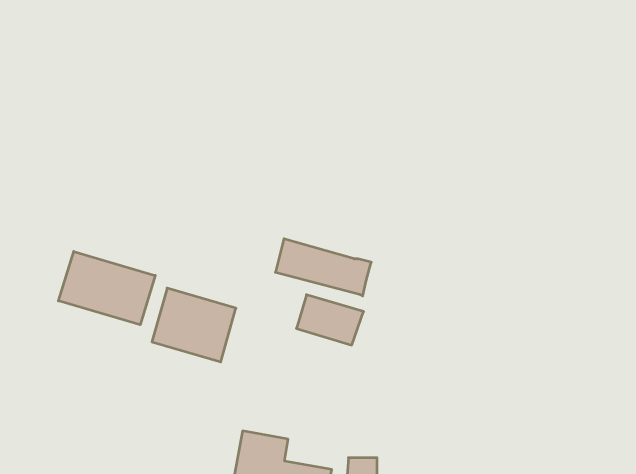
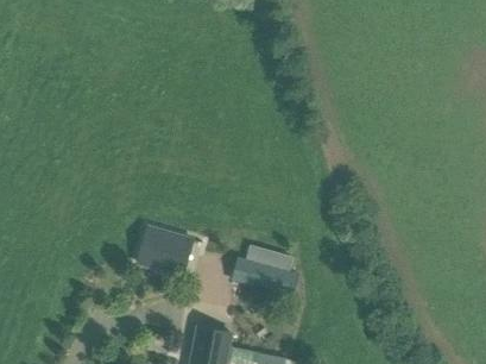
building: [275,239,371,296] -> [232,258,299,299]
building: [58,251,155,325] -> none

